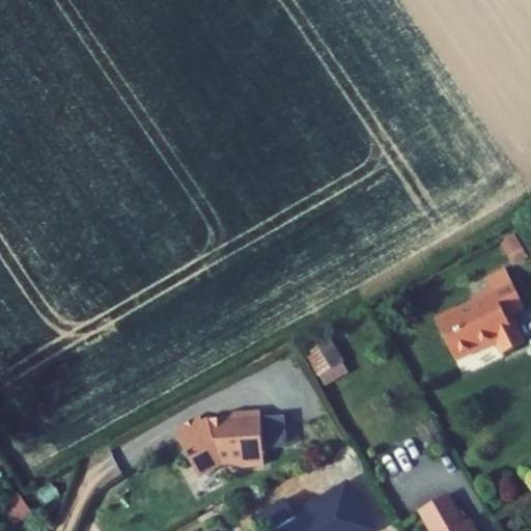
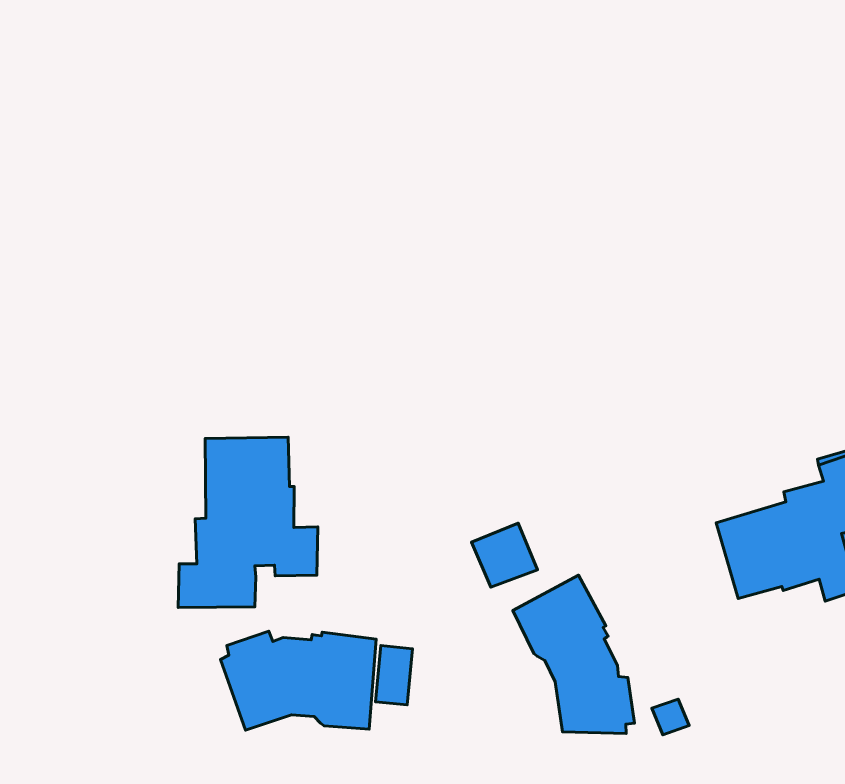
building: none -> [178,437,318,608]
building: none -> [513,575,634,734]

